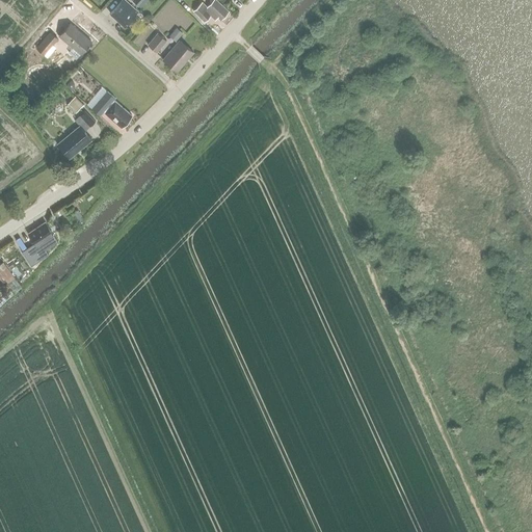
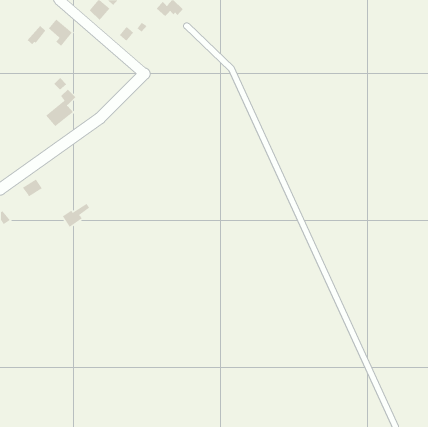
building: [163,41,192,71] -> none
building: [91,90,132,127] -> none
building: [22,234,57,265] -> [62,203,90,228]

